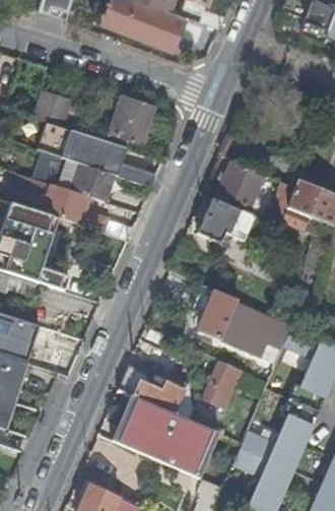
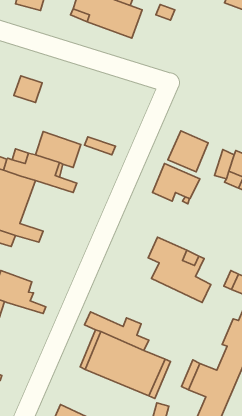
building: [110,94,156,145] -> none
building: [52,131,114,167] -> none
building: [205,360,268,405] -> none

